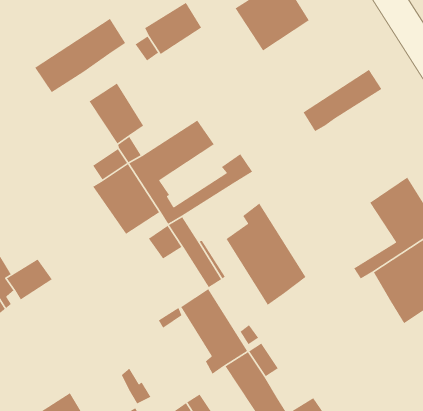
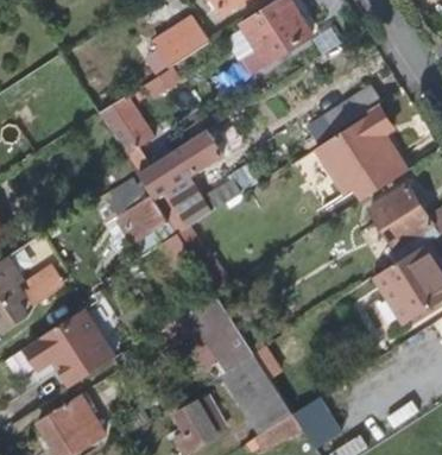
building: [34,18,126,93] -> none
building: none -> [324,109,404,194]
building: [225,203,307,306] -> none
building: none -> [24,310,113,386]

